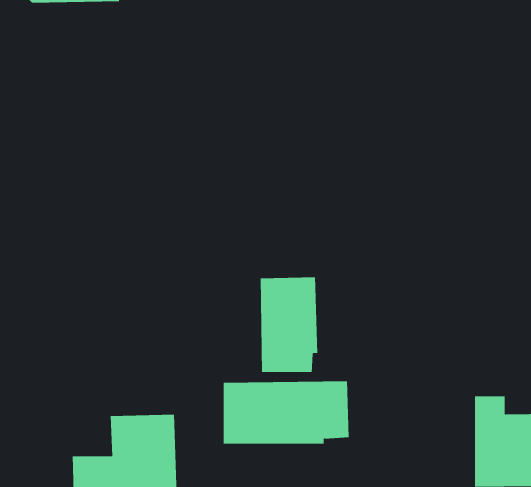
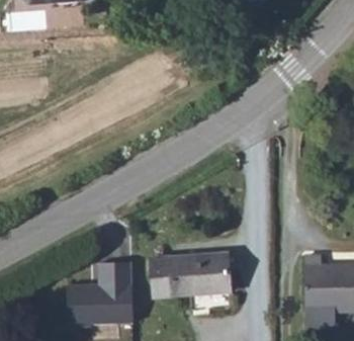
building: [260,276,318,373] -> none

